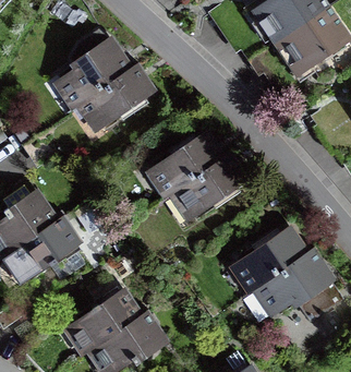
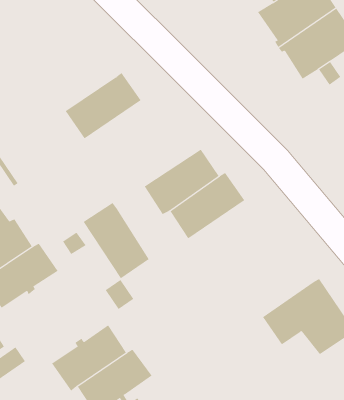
building: [60,32,128,105] -> none
building: none -> [83,202,150,279]
building: [237,229,304,288] -> none

